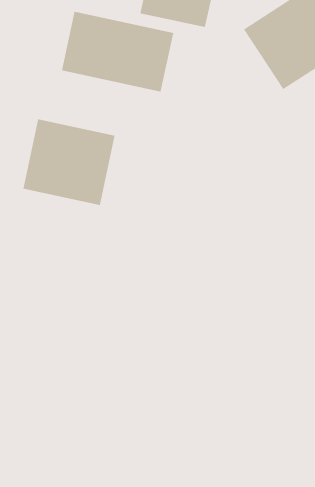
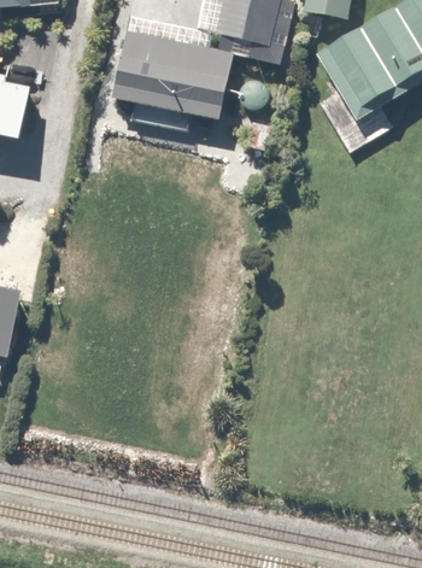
building: [23,119,115,206] -> none

